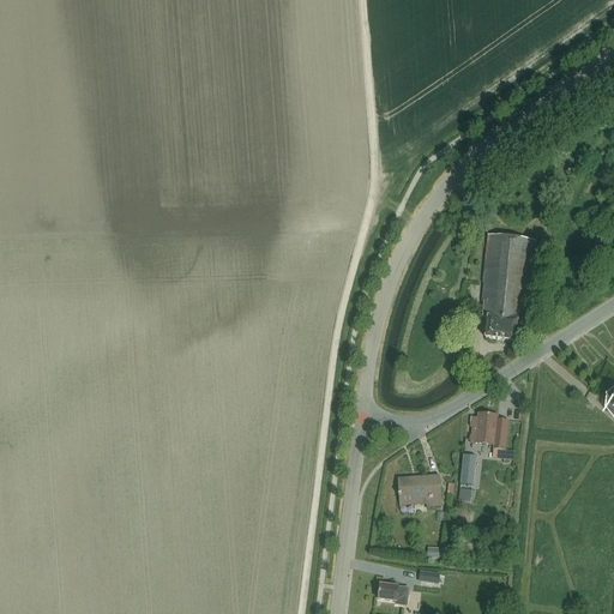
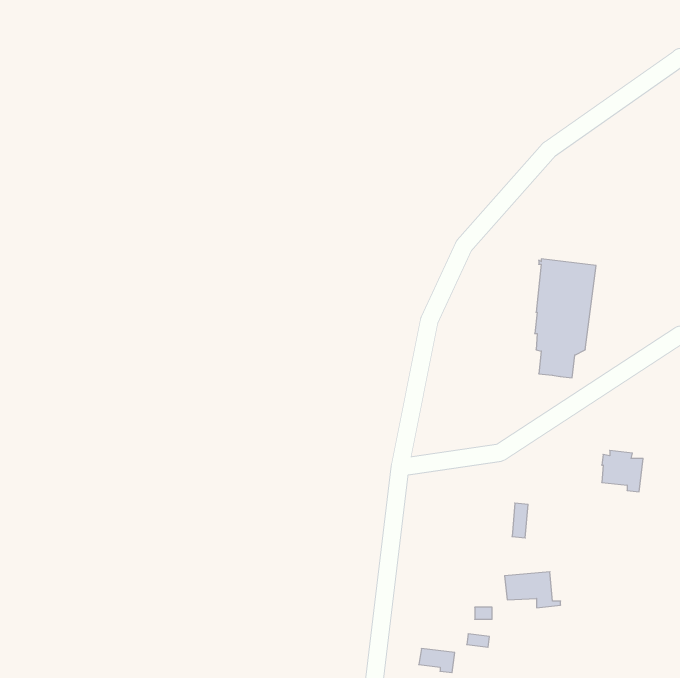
building: [470,411,507,449] -> [602,450,643,492]
building: [397,472,447,505] -> [505,572,561,608]

